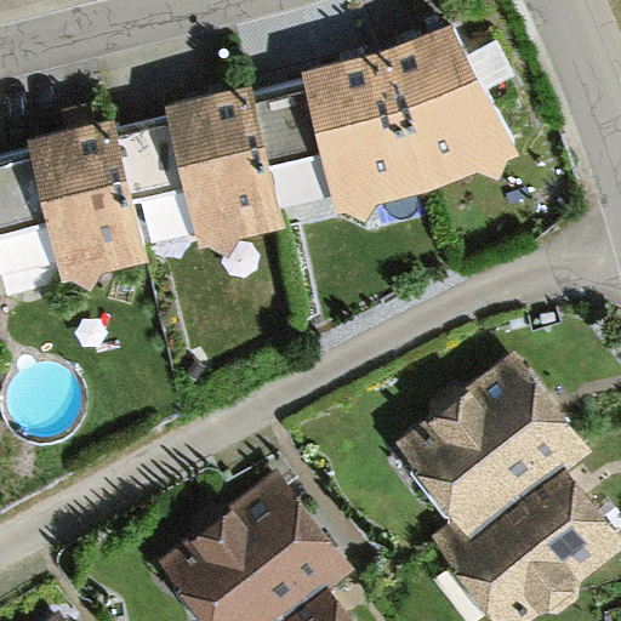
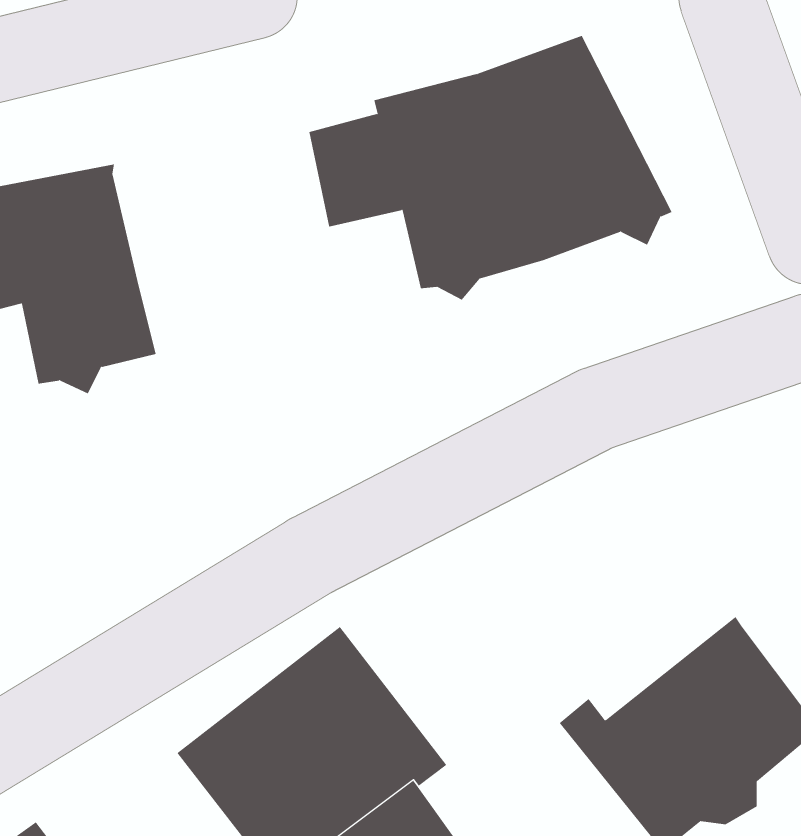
building: [107,93,277,261] -> none
building: [391,347,586,531] -> none

